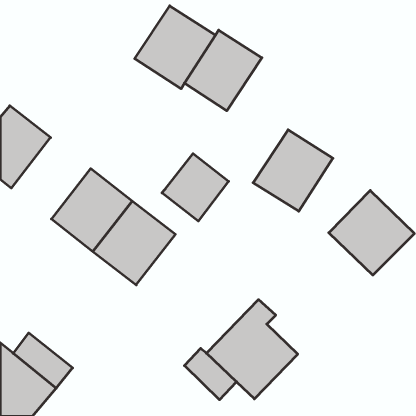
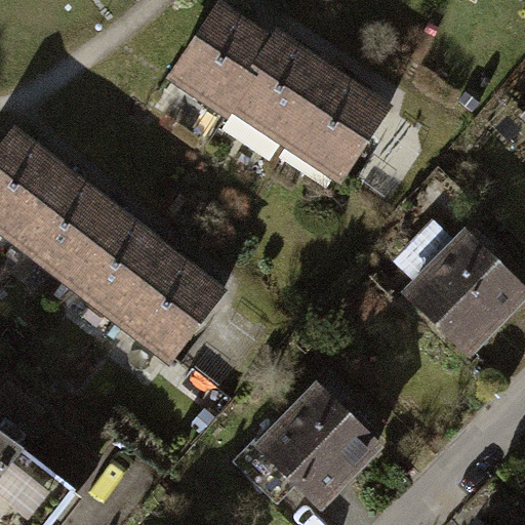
building: [253,130,333,211] -> [286,73,387,175]
building: none -> [15,173,115,276]
building: [162,154,229,221] -> none

